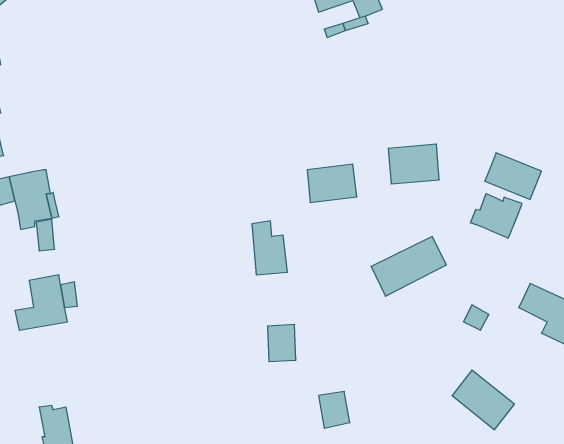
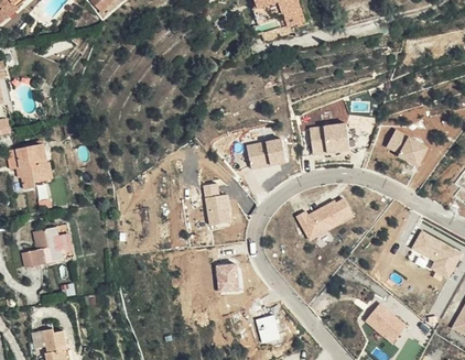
building: [470,194,522,238] -> none

